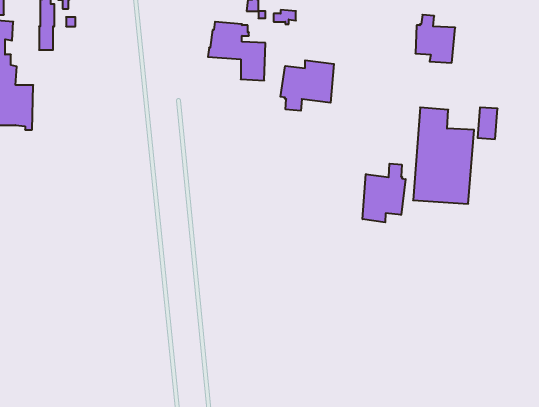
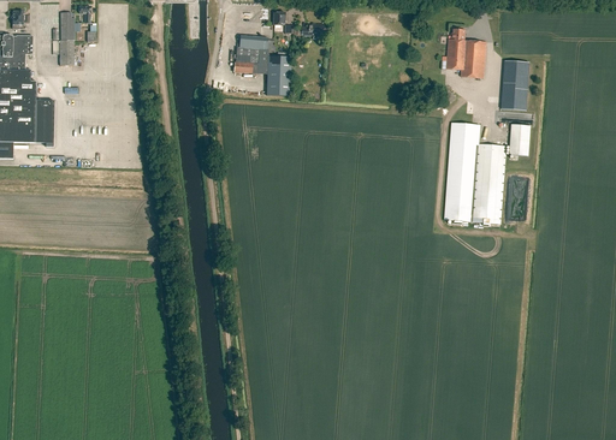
building: none -> [500,59,528,109]
building: [280,60,334,111] -> none
building: [363,164,406,222] -> none

